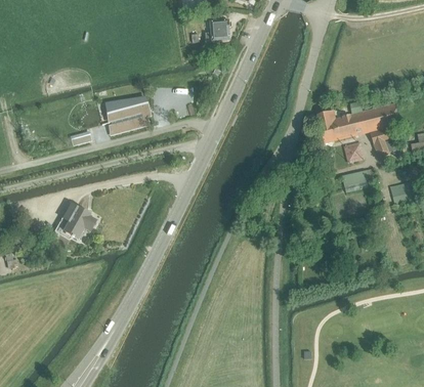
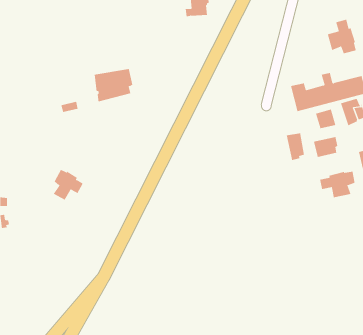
building: none -> [327,19,356,54]
building: none -> [286,133,305,161]
building: none -> [320,171,355,198]

